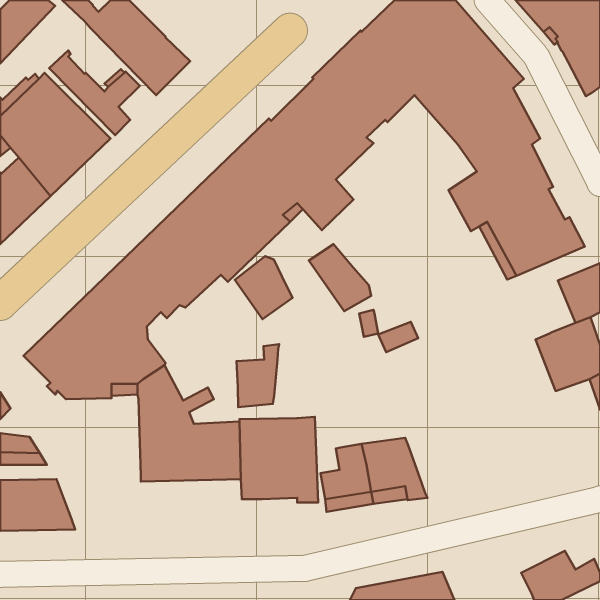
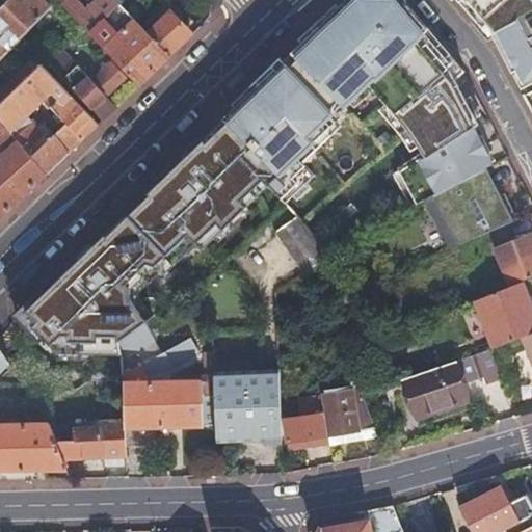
building: none -> [147,9,191,54]
building: [235,256,292,319] -> none
building: [237,344,279,407] -> none
building: none -> [401,346,503,419]
building: none -> [56,421,127,459]

